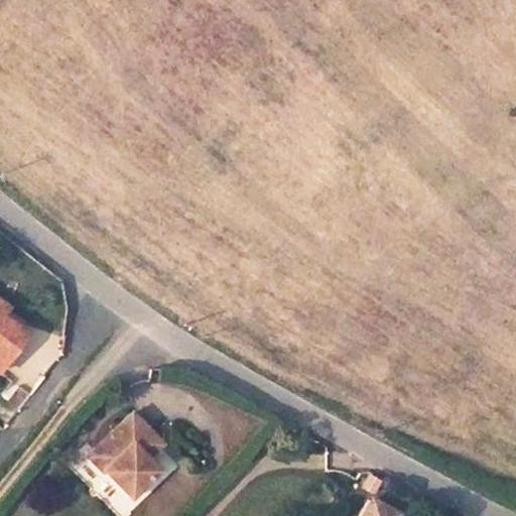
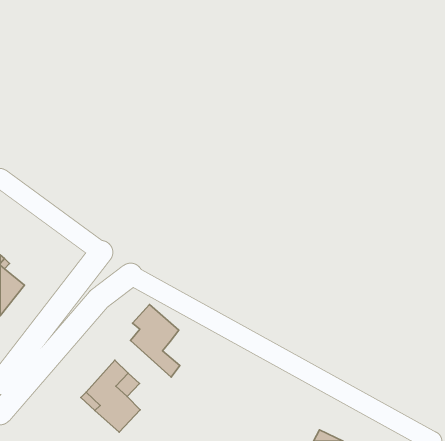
building: none -> [130,304,180,377]

